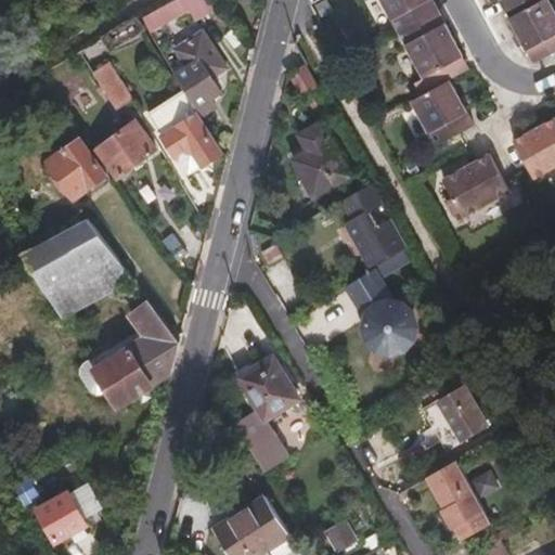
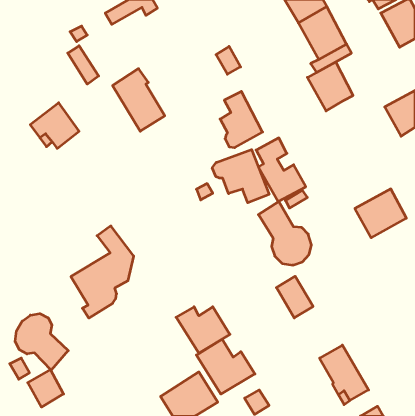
building: [175,31,224,115] -> none
building: [98,120,154,176] -> none
building: [440,155,508,220] -> [355,189,406,238]
building: none -> [212,150,269,203]
building: [22,218,130,314] -> none
building: [238,356,297,420] -> none
building: [438,384,487,439] -> [276,276,313,318]
building: none -> [15,314,68,370]
building: none -> [196,339,255,394]

